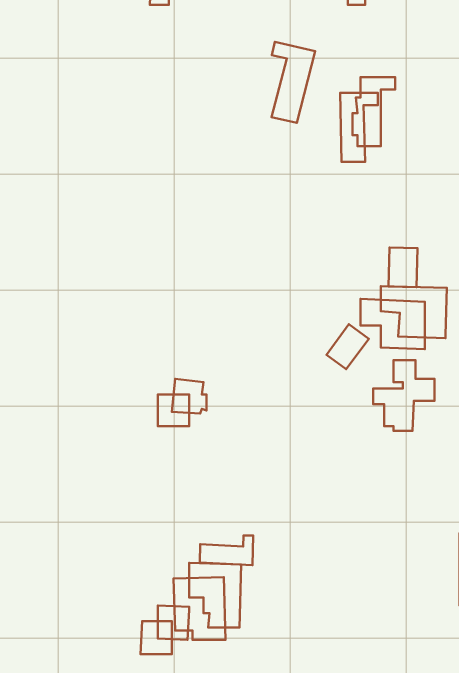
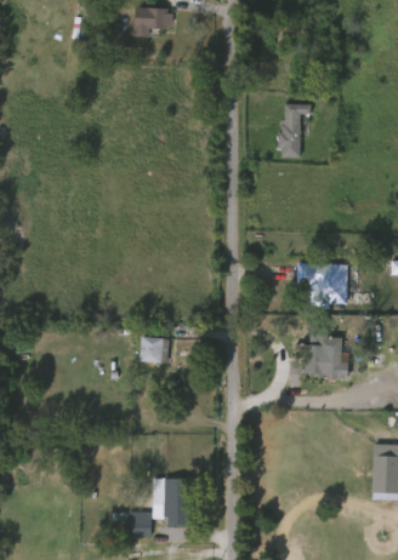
building: [272,42,315,123] -> none
building: [388,247,418,287] -> none
building: [326,324,369,369] -> none
building: [200,535,253,565] -> none

